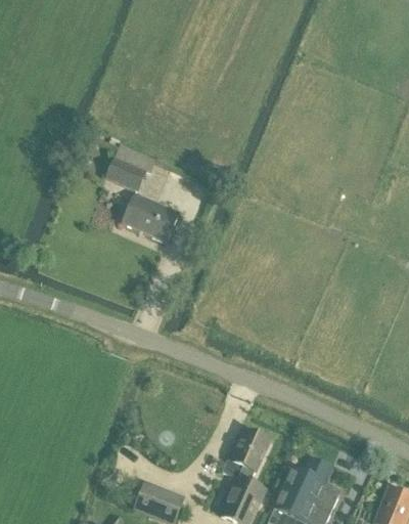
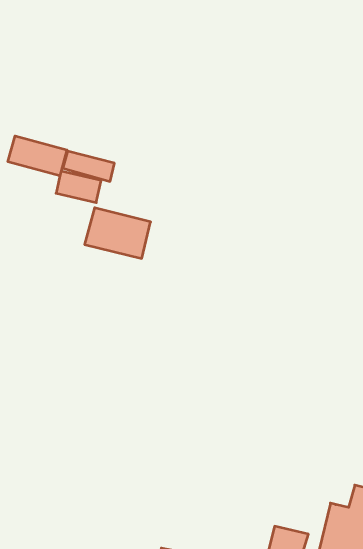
building: none -> [8,136,67,176]
building: [222,432,269,492] -> none

